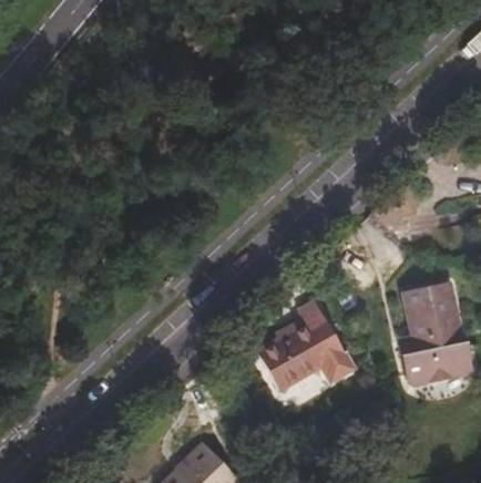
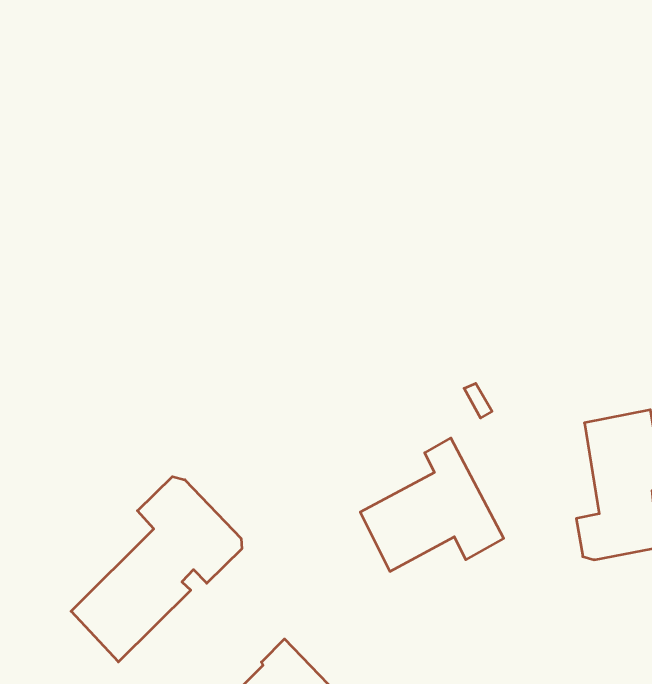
building: none -> [71,477,242,662]

